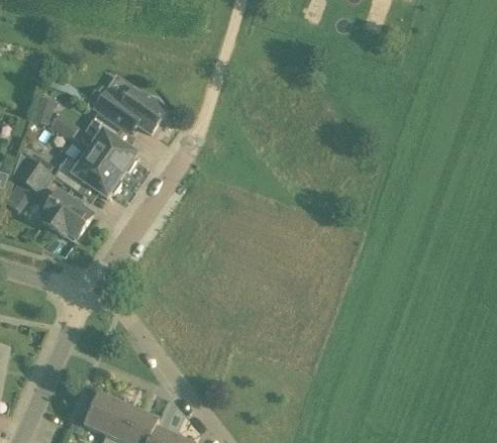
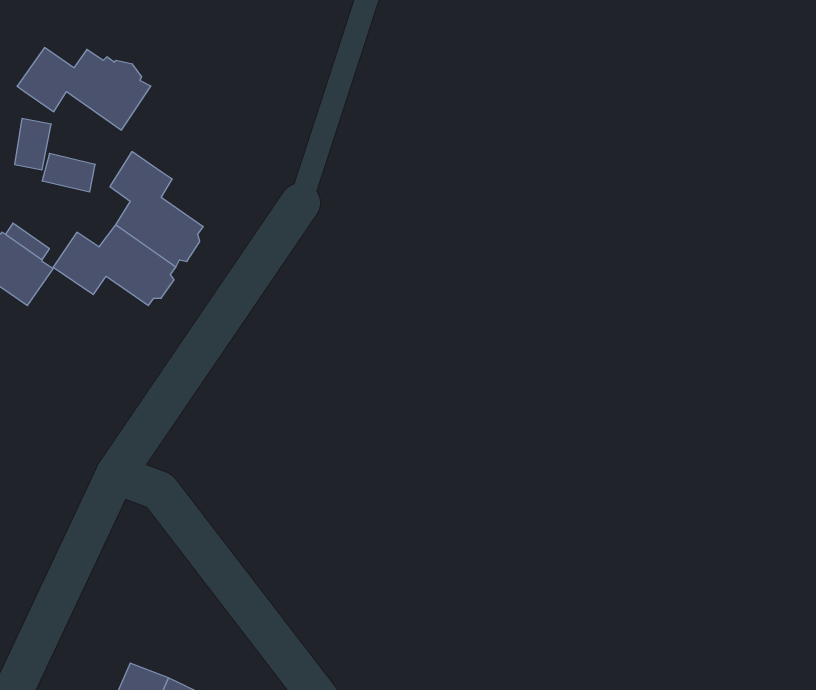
building: [93,87,167,132] -> [17,48,151,130]
building: [40,190,92,238] -> none

